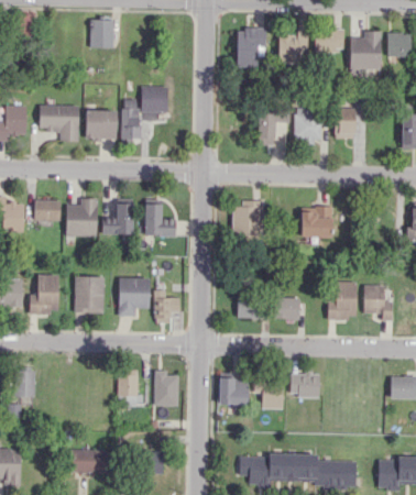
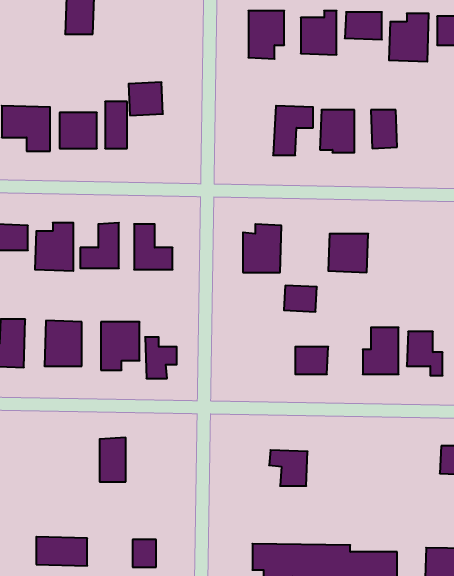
building: [237,297,263,318] -> [284,286,317,312]
building: [154,370,178,406] -> none
building: [289,373,320,396] -> none
building: [219,376,249,405] -> none

